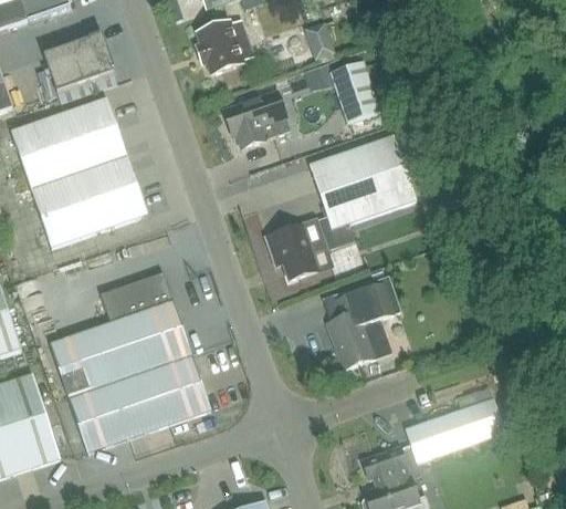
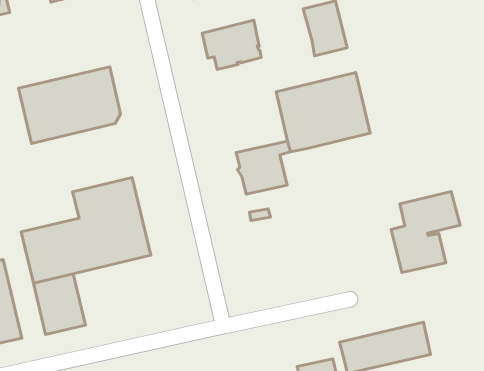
building: [10,98,126,189] -> none
building: [327,276,401,368] -> [391,192,460,273]
building: [109,355,210,438] -> none

